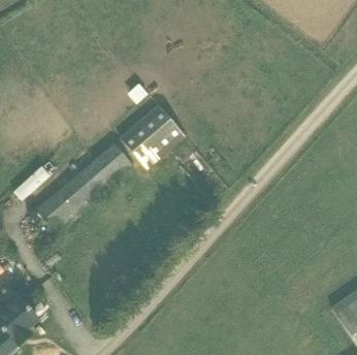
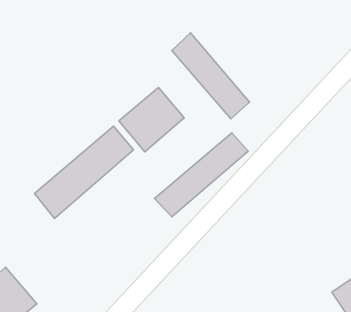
building: none -> [172,33,249,119]
building: none -> [155,133,248,217]

